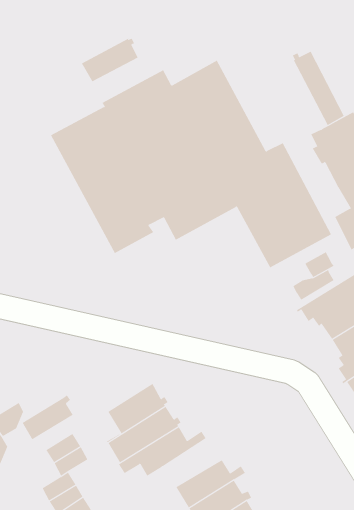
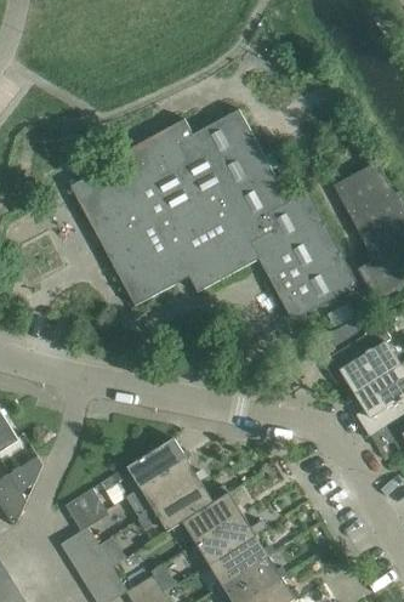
building: [81,38,139,82] -> none
building: [292,51,345,126] -> none
building: [22,395,73,440] -> none
building: none -> [183,493,244,543]

